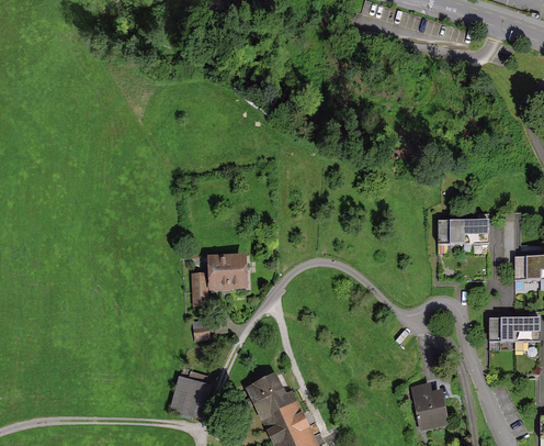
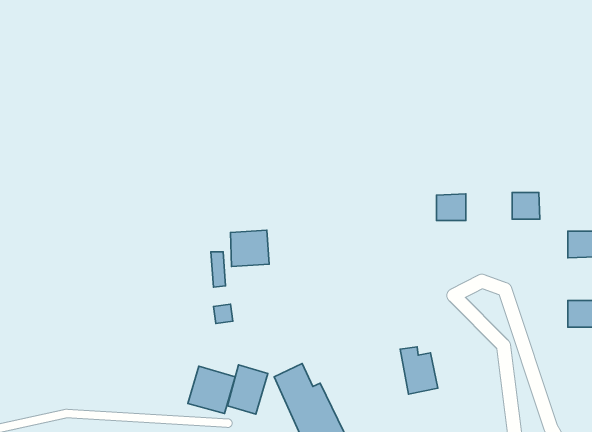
building: [438,220,464,244] -> [437,194,466,221]
building: [488,317,514,342] -> none
building: none -> [227,365,268,414]
building: [412,384,446,427] -> [400,347,438,394]

